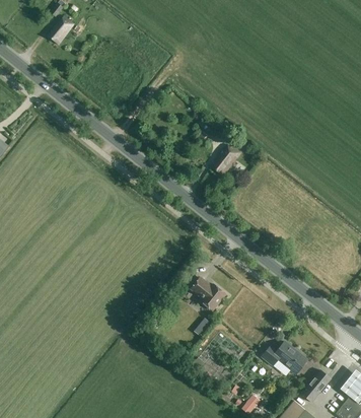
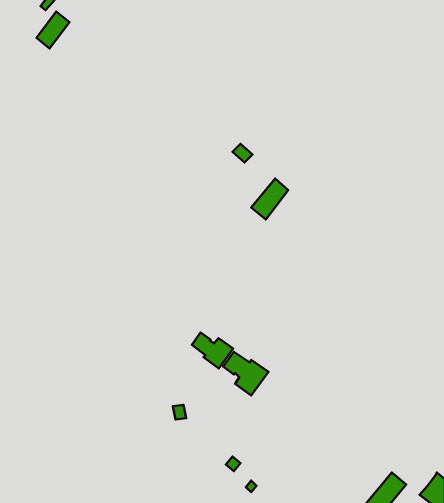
building: none -> [192,333,233,368]
building: [262,340,308,373] -> none

